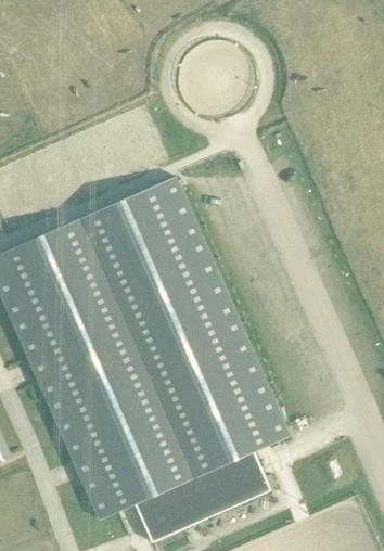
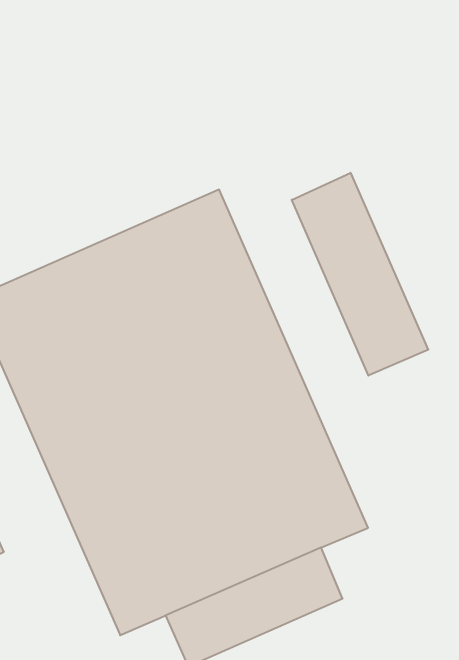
building: none -> [292,173,428,376]

